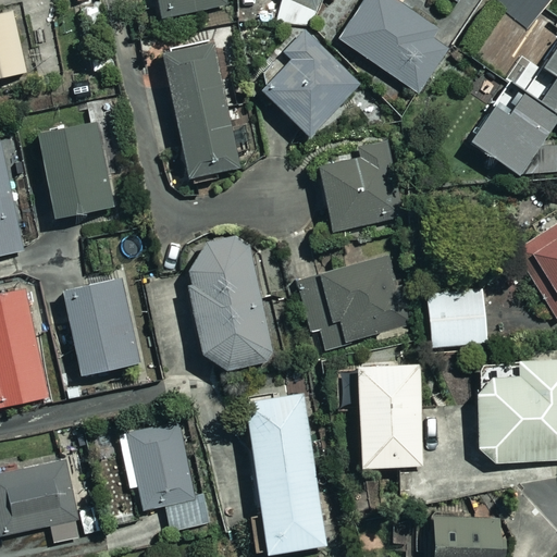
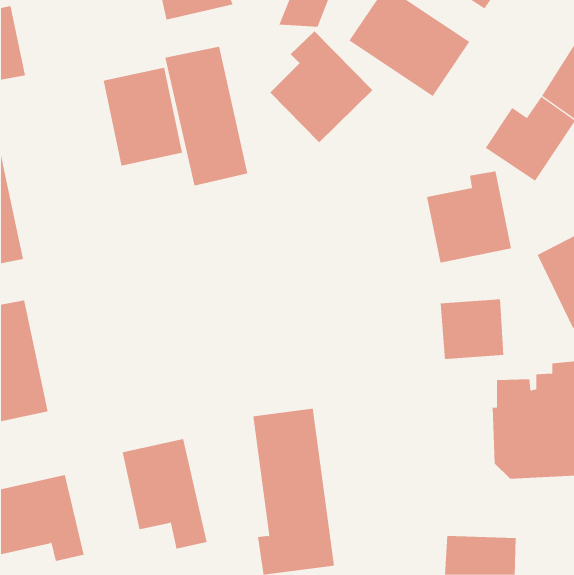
building: [37,124,114,220] -> [103,67,183,166]
building: [320,141,403,231] -> [426,171,512,263]
building: [187,242,277,369] -> none
building: [298,253,412,349] -> none
building: [62,278,143,375] -> none
building: [358,366,423,468] -> none

